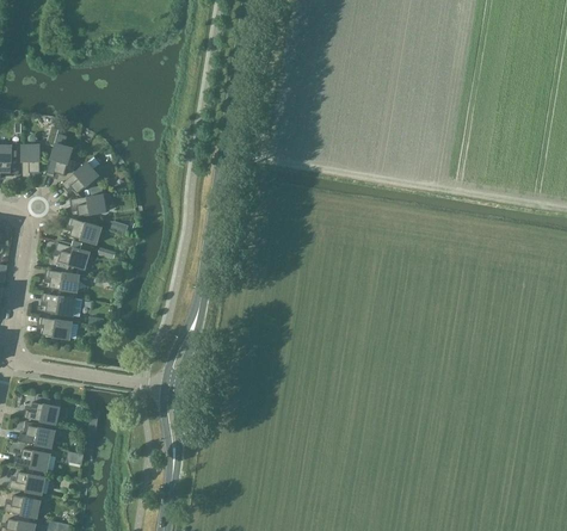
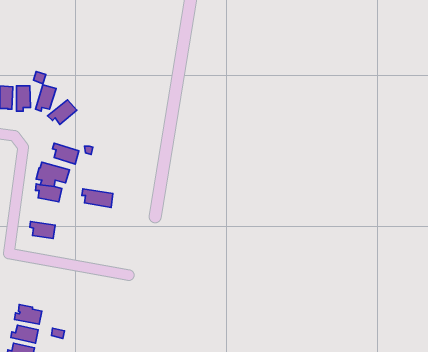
building: [72,195,106,216] -> none
building: [43,294,82,317] -> [82,189,113,208]
building: [25,396,60,425] -> none

